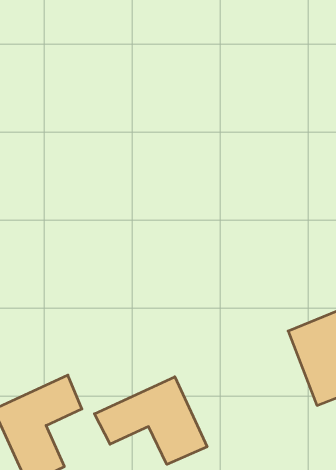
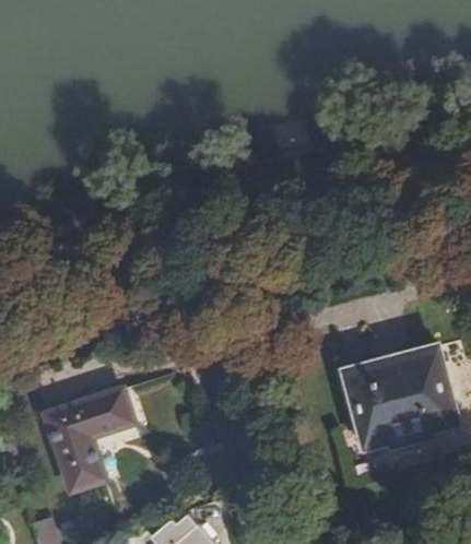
building: [94,377,207,464] -> none

